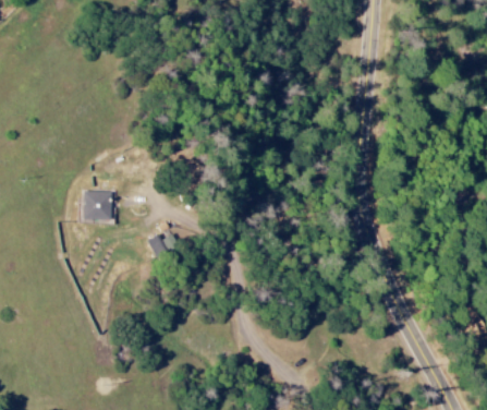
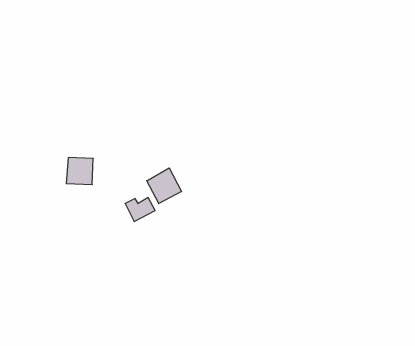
building: none -> [147,168,182,204]

